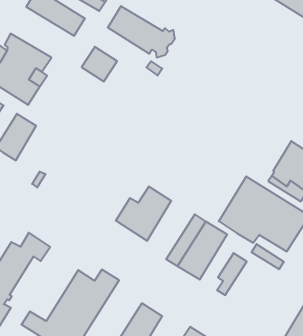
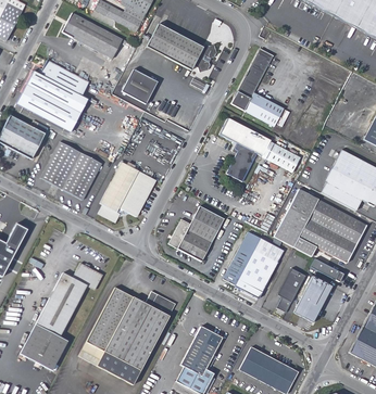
building: none -> [231,49,284,126]
building: none -> [222,119,300,183]
building: none -> [62,152,101,200]
building: none -> [99,161,155,221]
building: none -> [87,287,134,351]
building: none -> [294,276,333,321]

